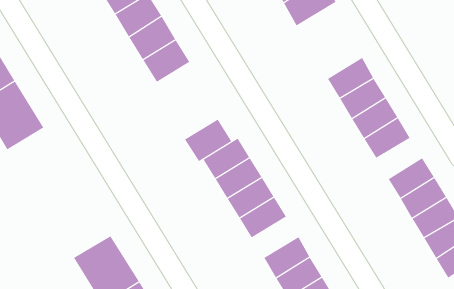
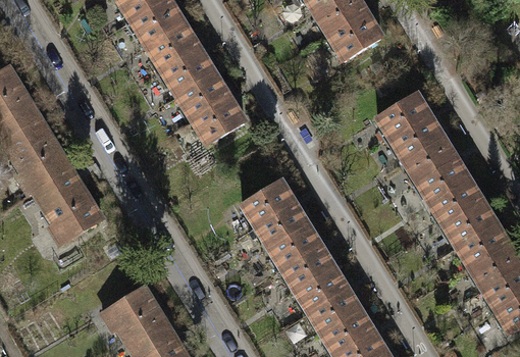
building: [184,119,232,162] -> [192,97,244,144]
building: none -> [29,168,100,244]
building: none -> [430,180,481,224]
building: none -> [295,265,347,310]

